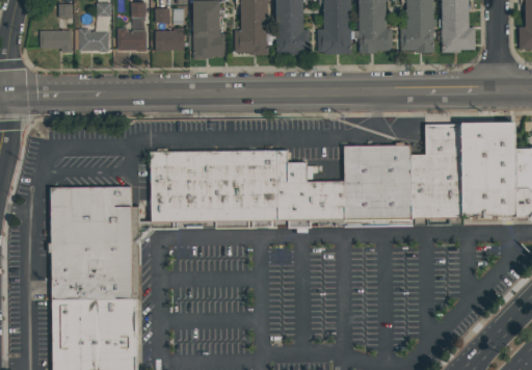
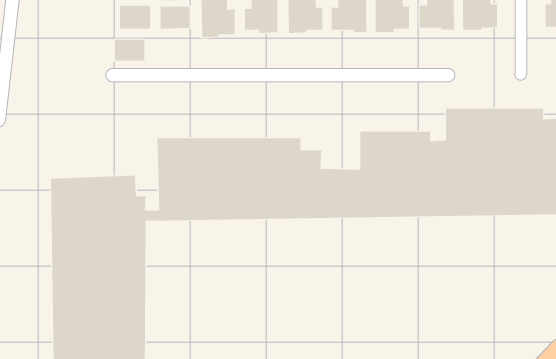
building: [39,29,72,51] -> none
building: [79,29,108,50] -> [114,39,145,61]

